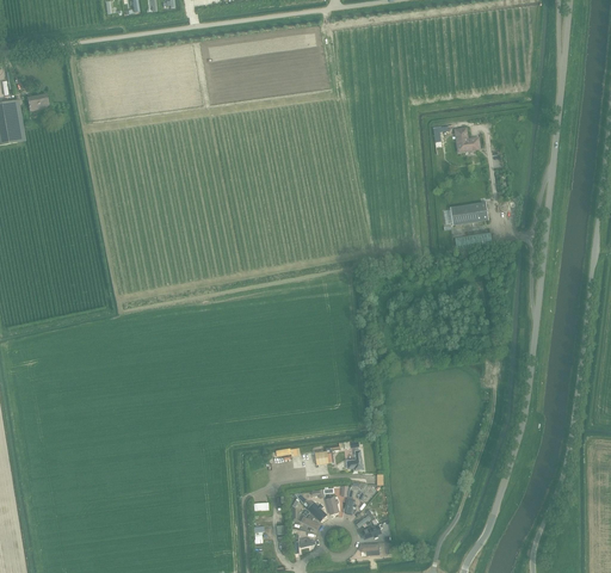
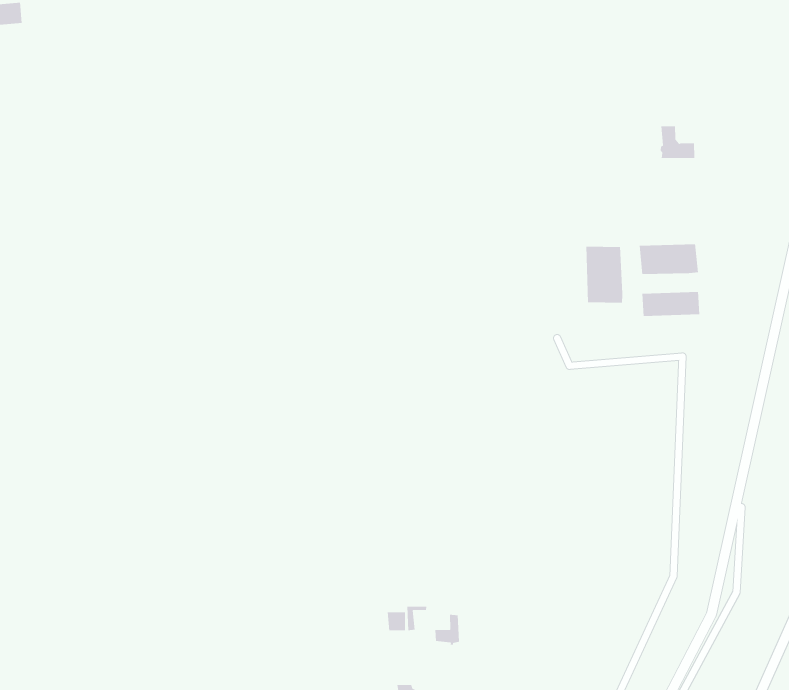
building: none -> [586,246,623,303]

